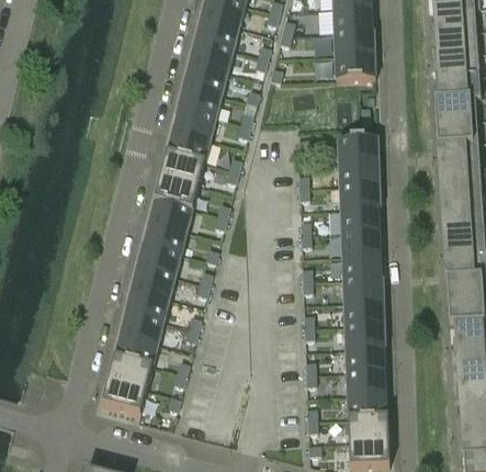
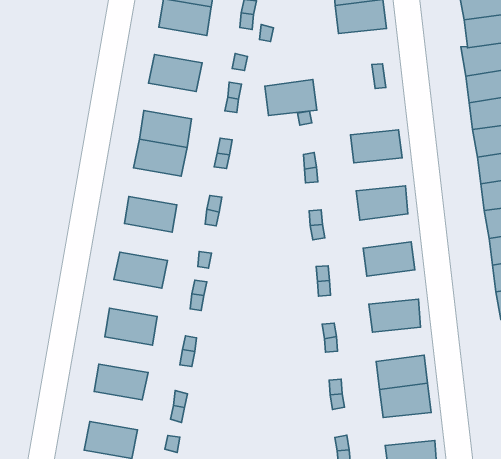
building: [183,63,227,94] -> none
building: [171,108,215,139] -> none
building: [337,136,377,162] -> [265,80,317,115]
building: [154,176,197,209] -> none
building: [339,184,380,209] -> none
building: [143,221,187,254] -> none
building: [340,231,381,256] -> none
building: [131,266,174,299] -> none
building: [342,277,383,302] -> none
building: [118,312,163,344] -> none
building: [343,324,384,349] -> none
building: [108,356,151,390] -> none
building: [347,394,387,418] -> none

